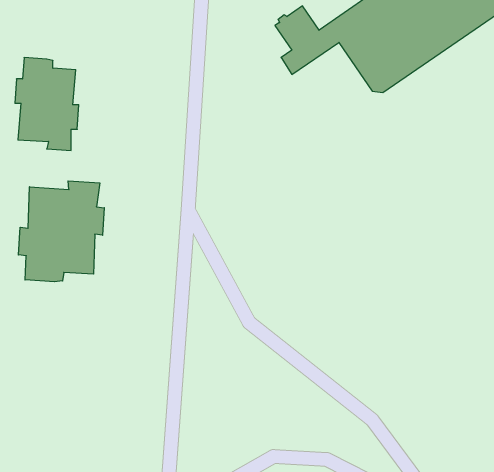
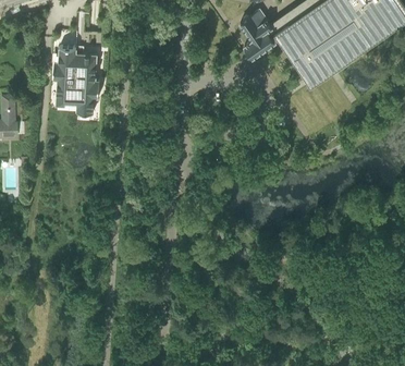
building: [18,181,104,282] -> none

